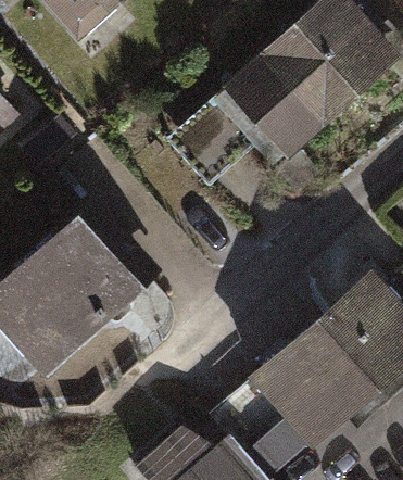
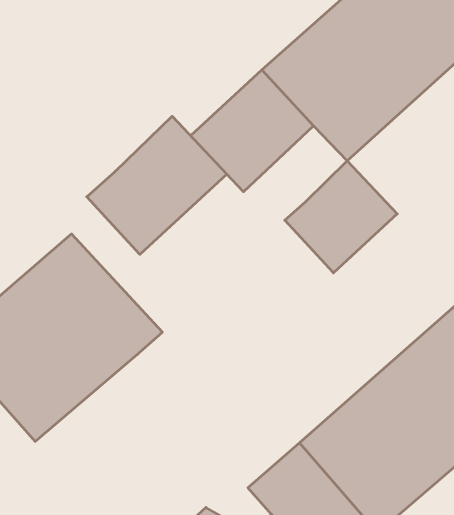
building: none -> [87,116,227,254]
building: none -> [285,161,397,273]

